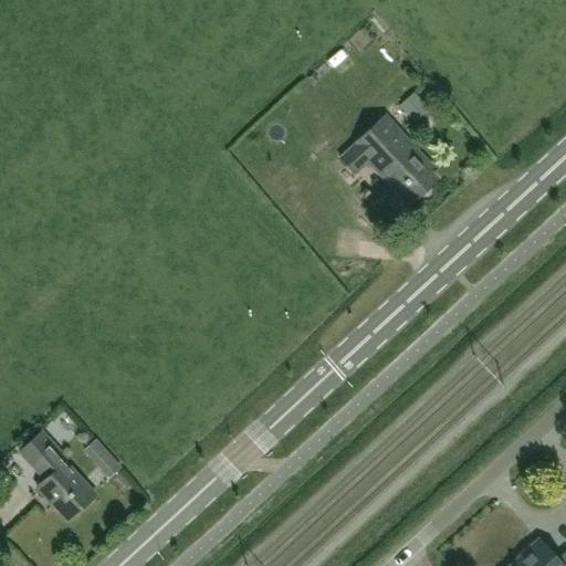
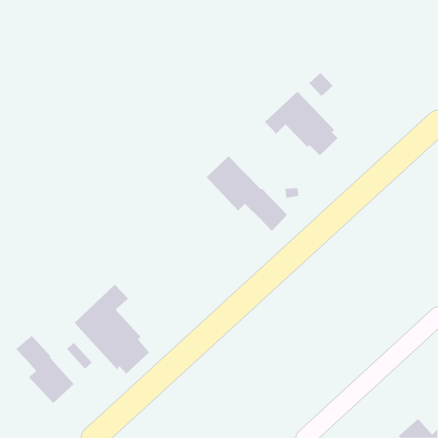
building: none -> [206,155,288,232]
building: none -> [74,284,150,375]

